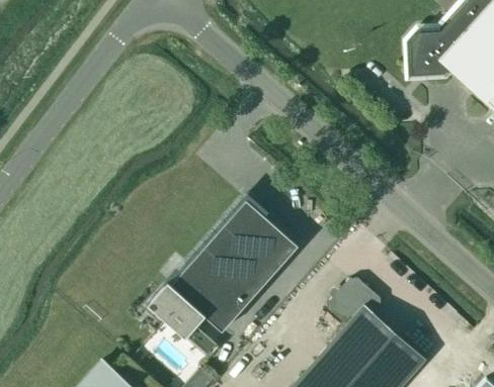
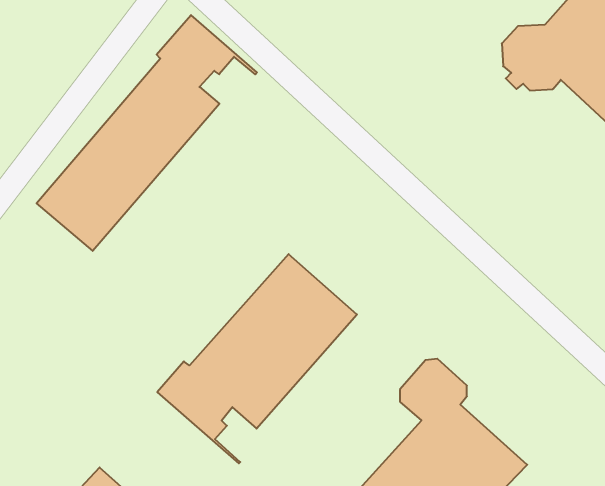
building: none -> [37,15,257,251]

